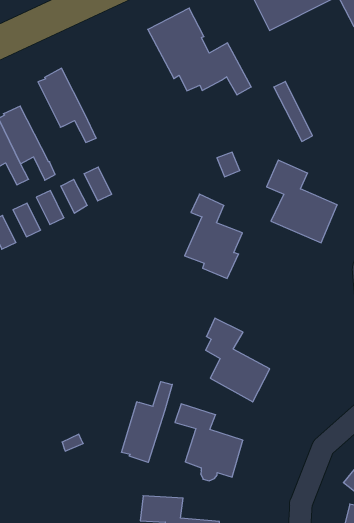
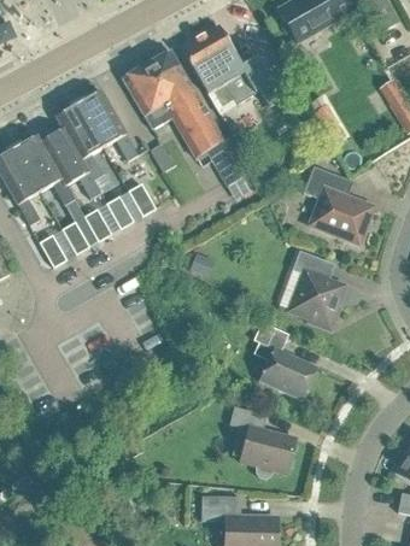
building: none -> [123,49,259,192]
building: none -> [55,104,102,180]
building: [185,194,242,278] -> [289,249,344,329]
building: [122,382,172,462] -> none

